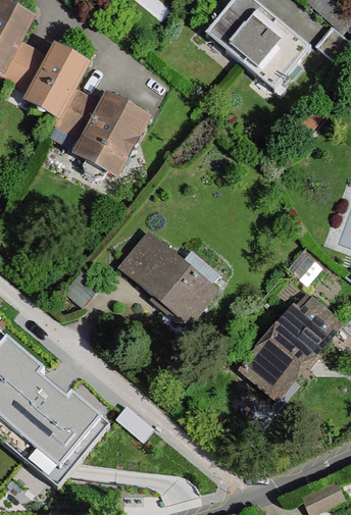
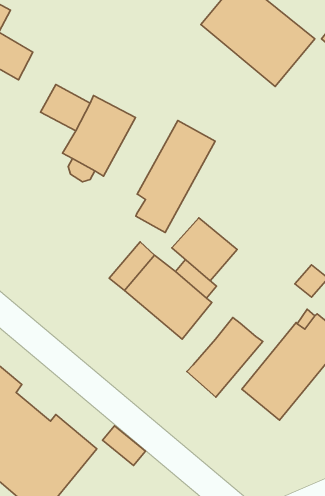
building: [29,49,84,113] -> none
building: none -> [136,121,215,233]
building: none -> [172,218,237,281]
building: none -> [187,317,263,397]

